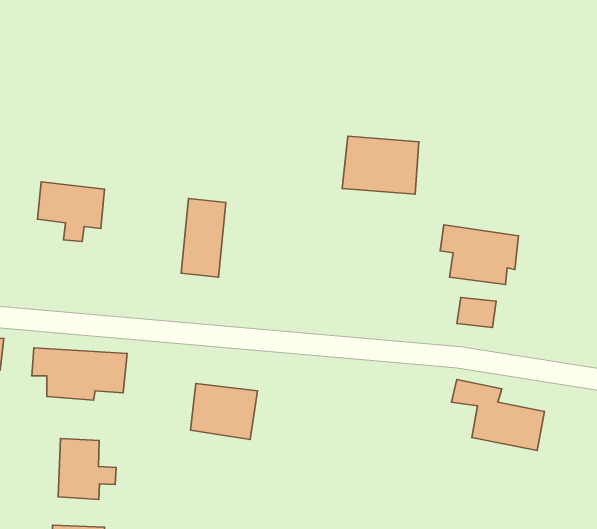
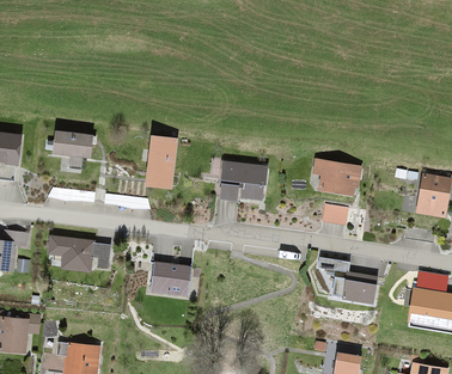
building: [342,136,419,194] -> [220,159,269,196]
building: [58,438,116,499] -> none

